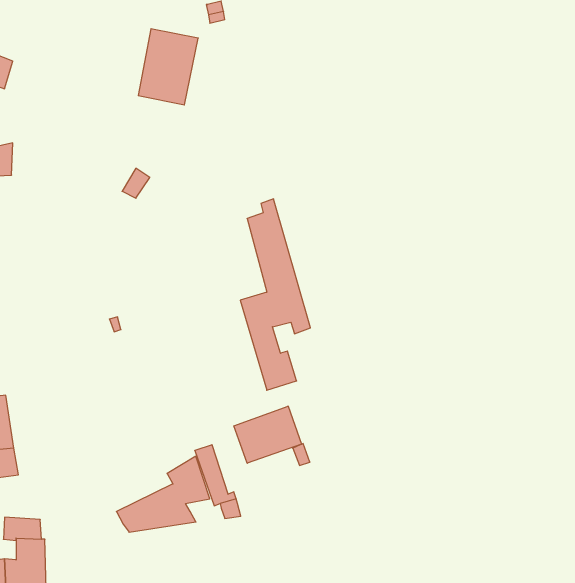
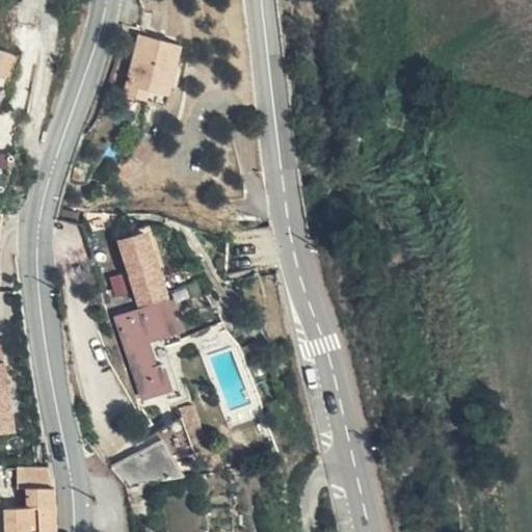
building: [240,199,310,390] -> [115,228,179,400]
building: [234,406,302,463] -> none

